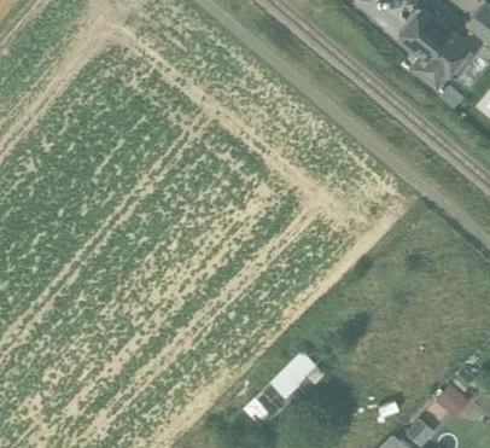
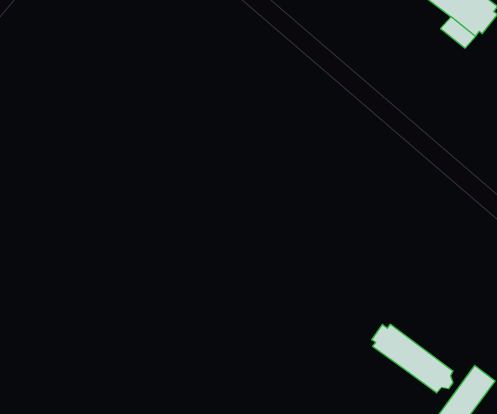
building: none -> [372,324,453,393]

